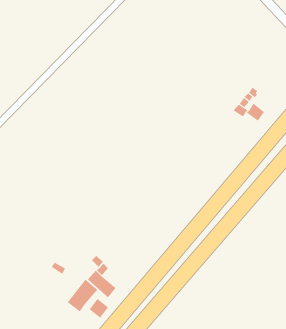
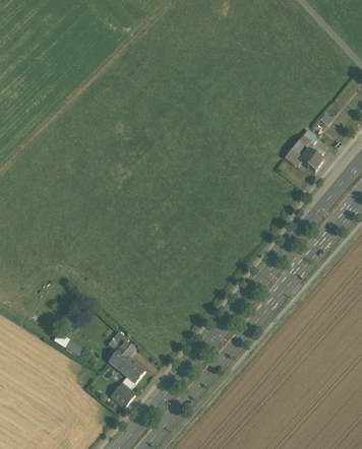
building: [67,279,98,312] -> none

